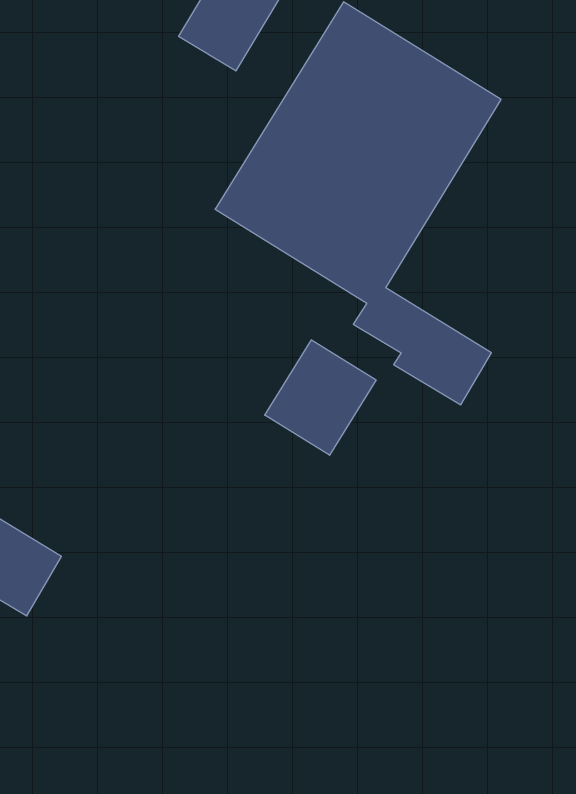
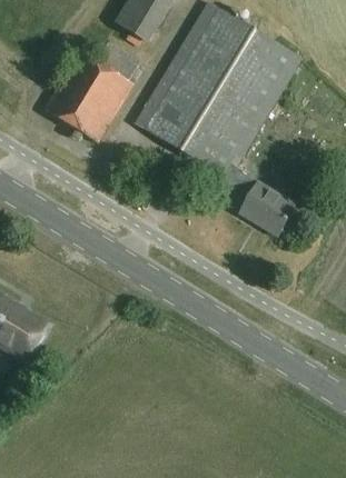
building: none -> [43,43,140,145]
building: [265,340,376,455] -> none

